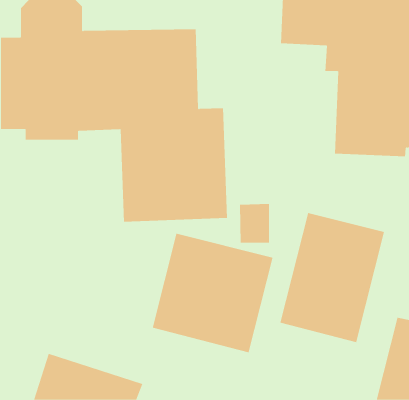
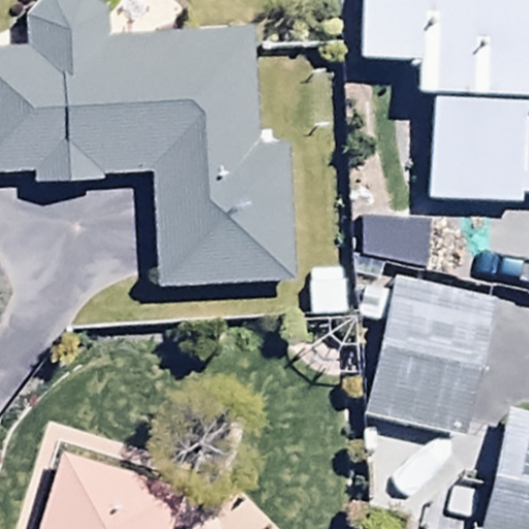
building: [152,233,273,353] -> none

